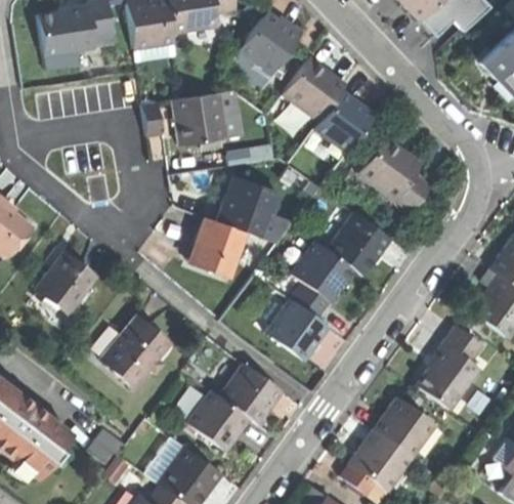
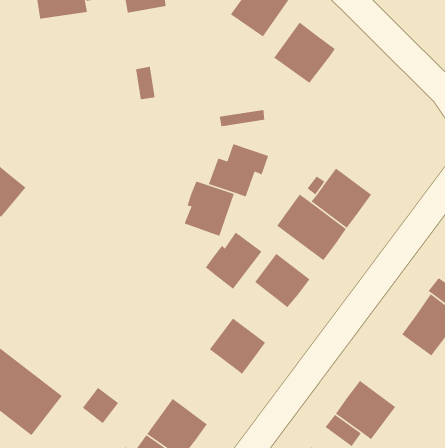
building: [317,93,378,156] -> none
building: [175,95,227,148] -> none
building: [352,128,425,205] -> none
building: [43,255,99,311] -> none
building: none -> [205,231,262,290]
building: [104,318,174,388] -> none
building: [185,386,248,447] -> none
building: [374,393,433,452] -> none

